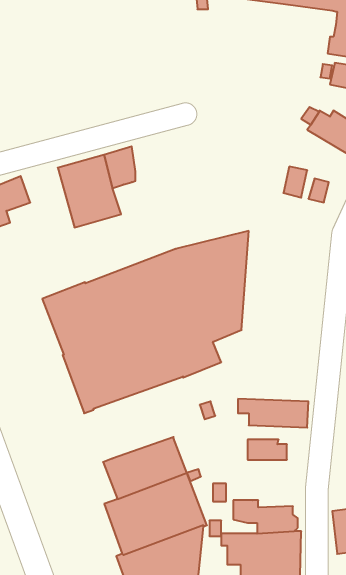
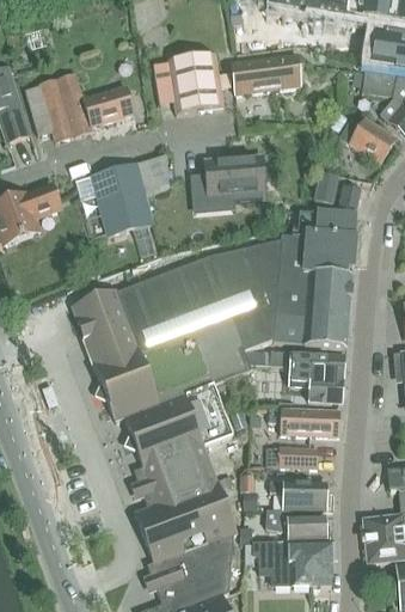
building: none -> [154,51,301,112]
building: none -> [37,72,134,141]
building: none -> [203,155,265,210]
building: none -> [272,210,355,348]
building: none -> [270,349,344,402]
building: none -> [124,384,233,466]
building: none -> [270,481,329,509]

